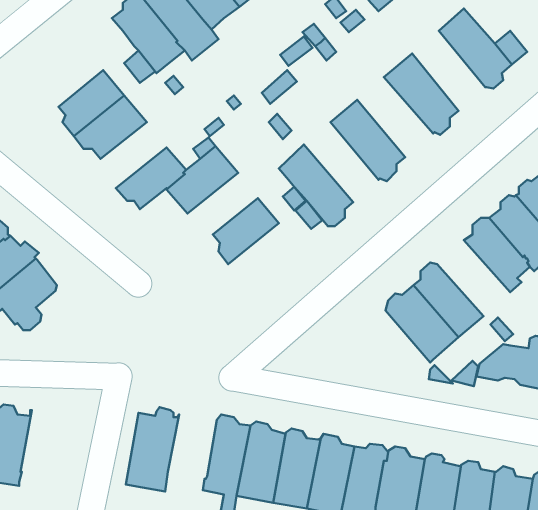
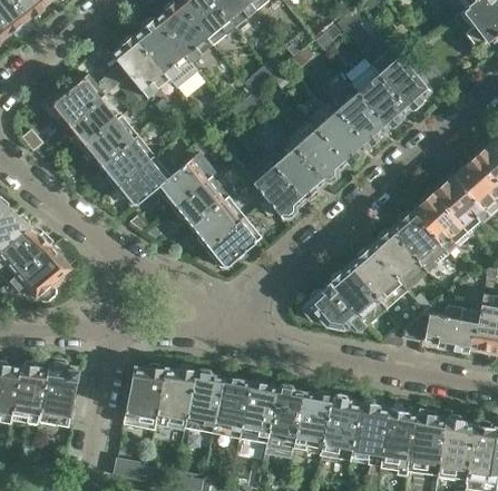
building: none -> [49,63,130,124]
building: none -> [351,63,409,128]
building: none -> [307,100,368,164]
building: none -> [104,136,156,188]
building: none -> [265,136,324,200]
building: none -> [173,176,228,225]
building: none -> [205,216,262,267]
building: none -> [371,229,429,289]
building: none -> [301,285,365,331]
building: none -> [39,361,79,426]
building: none -> [155,365,196,430]

